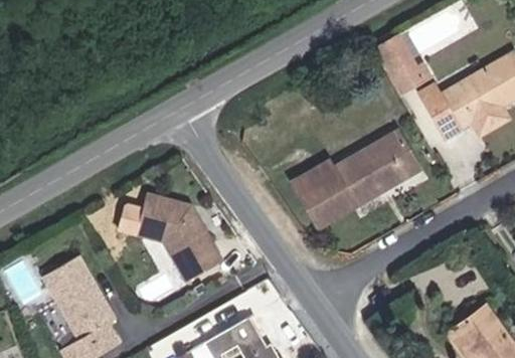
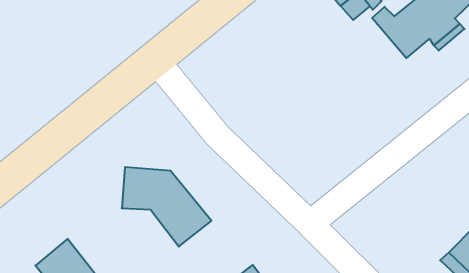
building: [295,132,415,224] -> none

